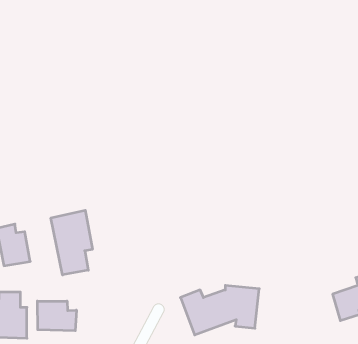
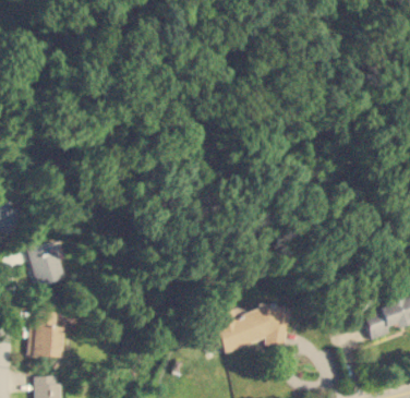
building: [51,210,92,275] -> none
building: [37,301,76,331] -> none

